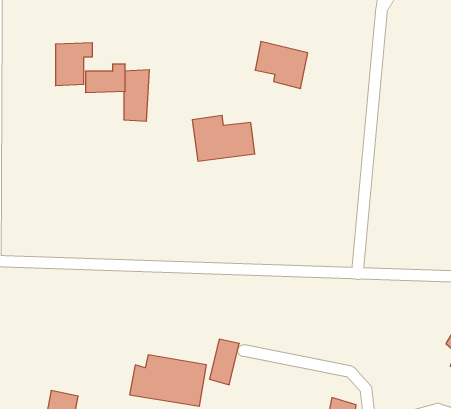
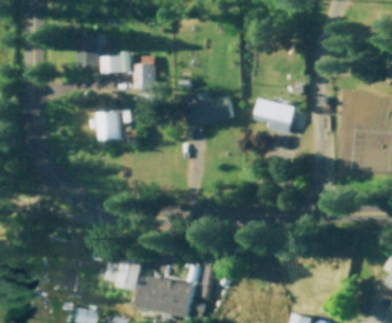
building: [255,42,308,89] -> [255,97,296,134]
building: none -> [99,112,122,140]
building: none -> [106,258,142,290]

